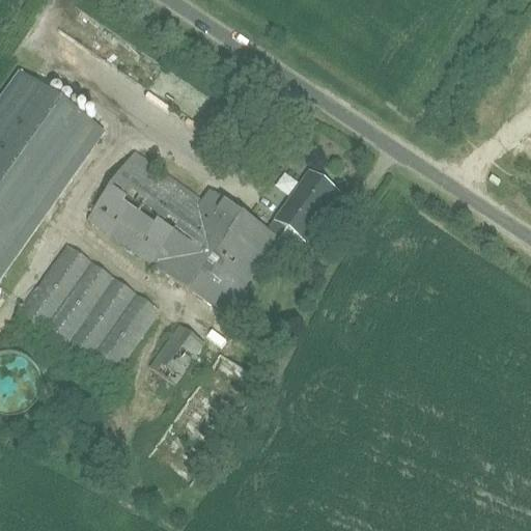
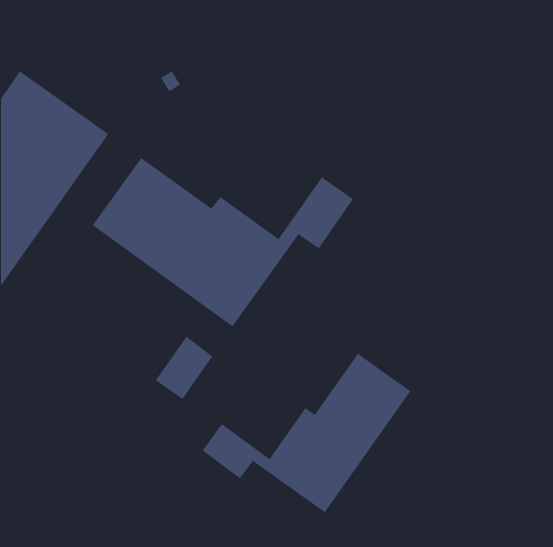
building: [21,245,158,376] -> none
building: none -> [202,353,411,513]

